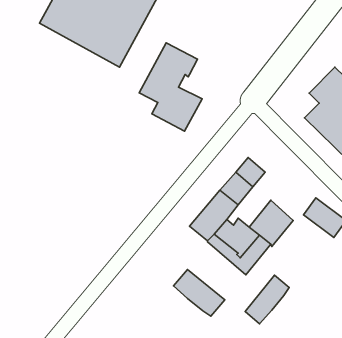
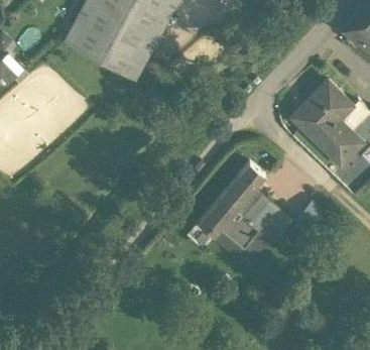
building: [139,43,202,131] -> none
building: none -> [230,188,269,224]
building: [174,269,225,316] -> none
building: [245,275,289,324] -> none

